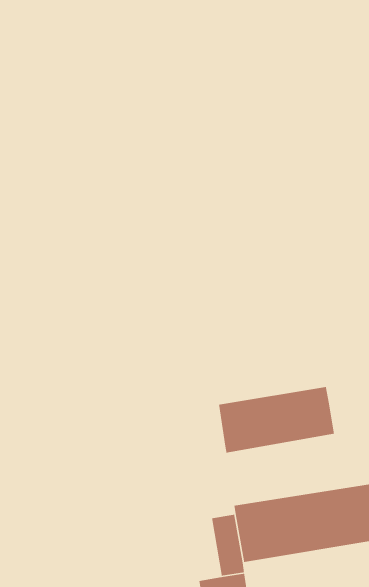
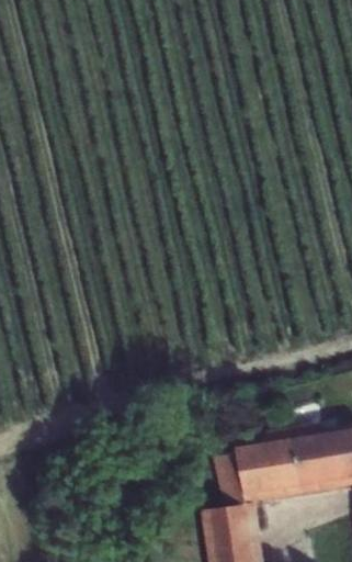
building: [218,386,335,453] -> none

